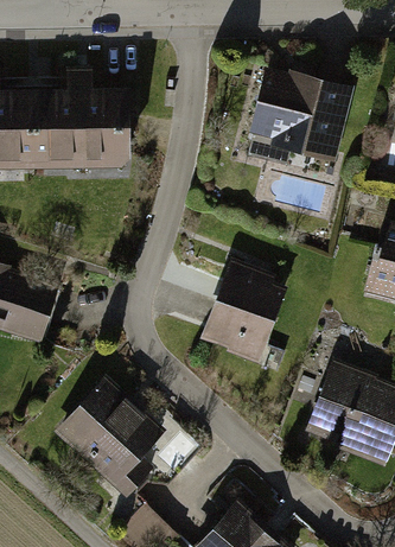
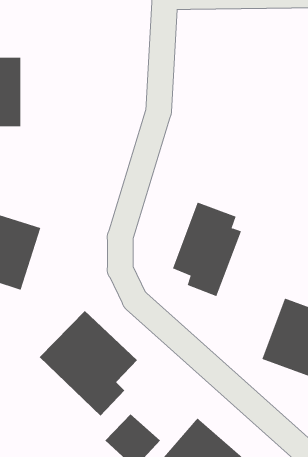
building: [247,66,352,161] -> none
building: [34,69,126,168] -> none

